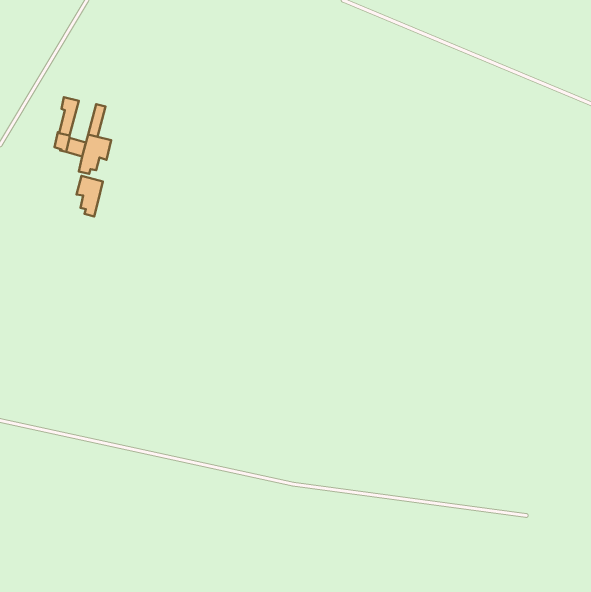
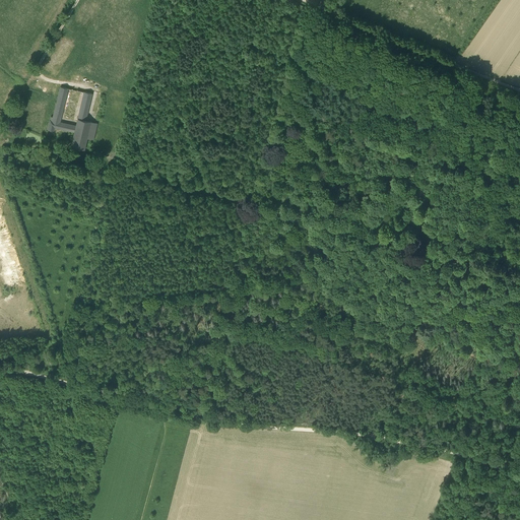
building: [77,176,103,216] -> none

